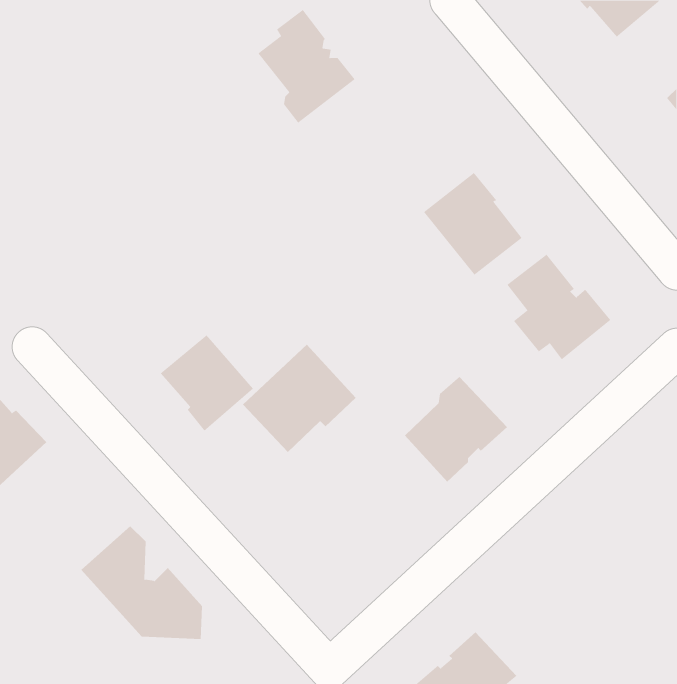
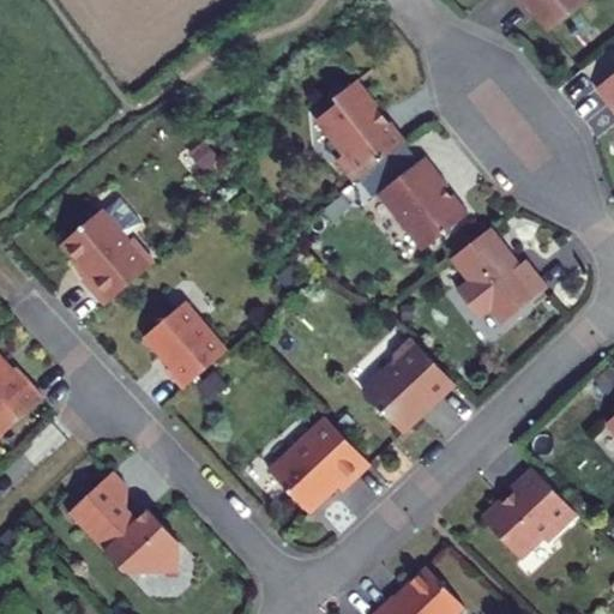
building: [257,9,356,123] -> [314,80,402,182]
building: none -> [61,207,154,303]
building: [242,344,356,453] -> [267,415,369,512]
building: none -> [481,468,566,555]

